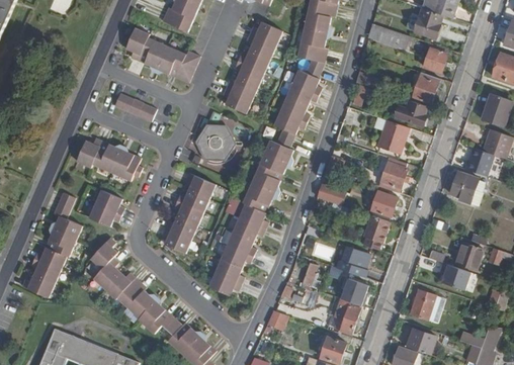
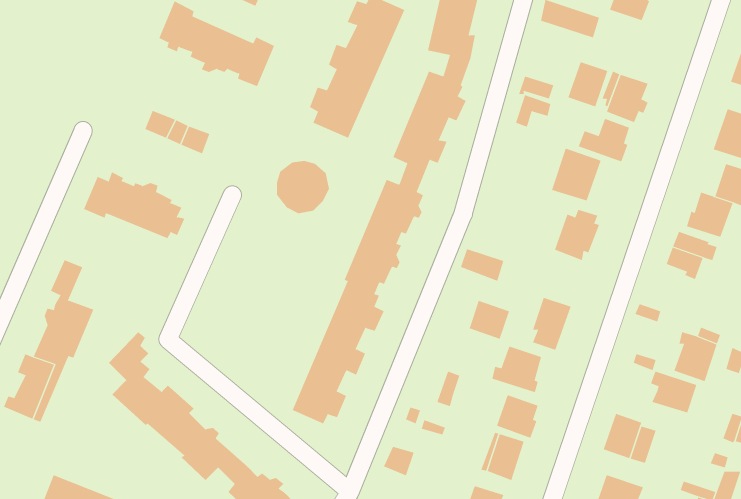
building: [422,43,448,73] -> [567,62,608,107]
building: [159,174,213,255] -> none
building: [87,188,122,224] -> none
building: [370,191,397,216] -> [469,300,510,340]

